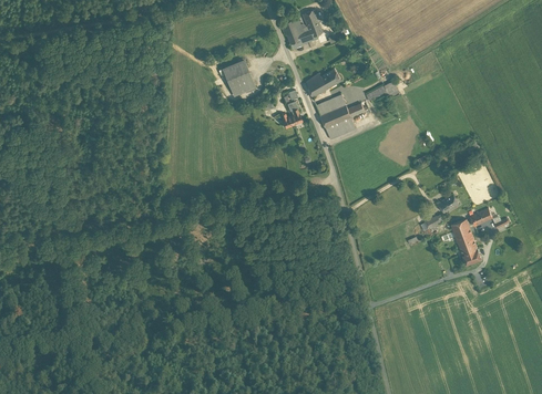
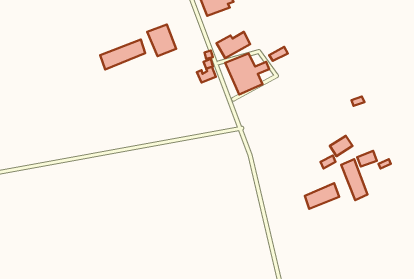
building: none -> [100,40,145,69]
building: none -> [305,183,339,209]

